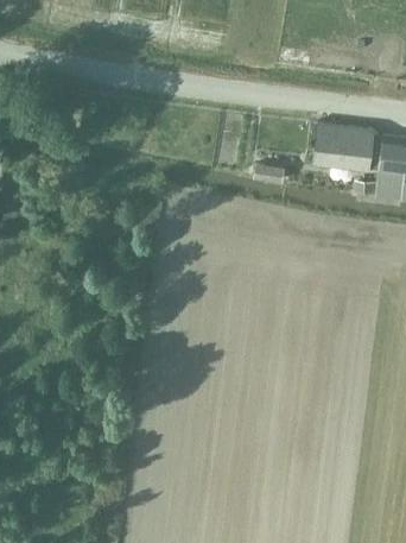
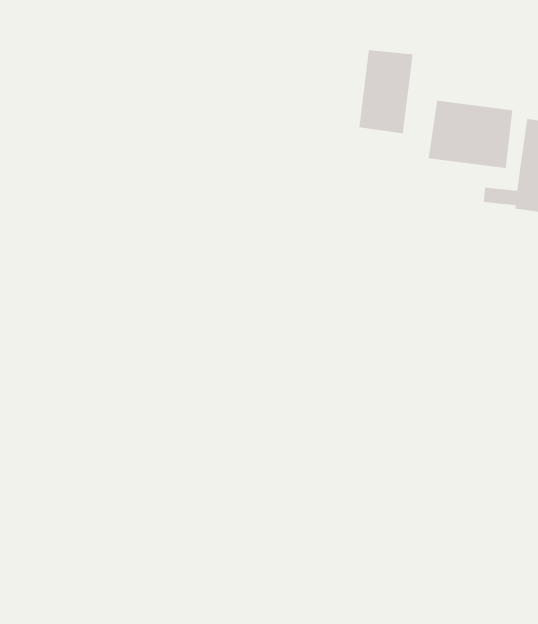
building: none -> [359,49,413,134]

